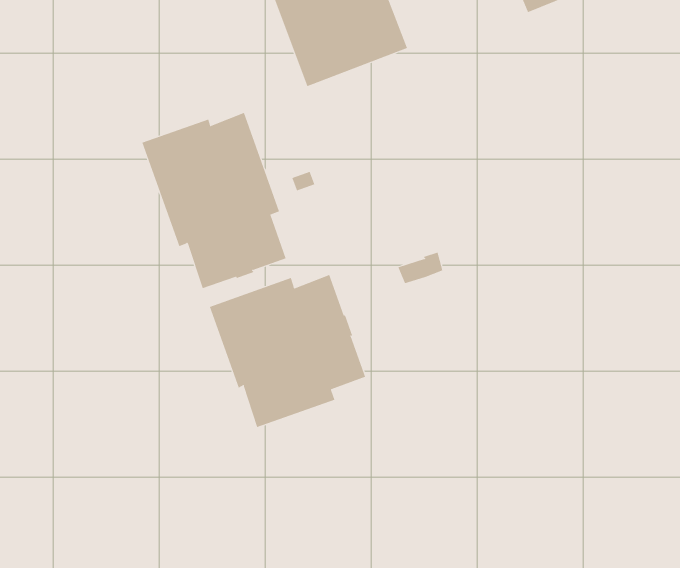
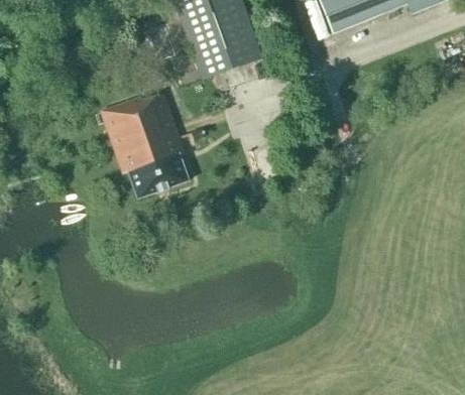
building: [209,274,366,428] -> none

